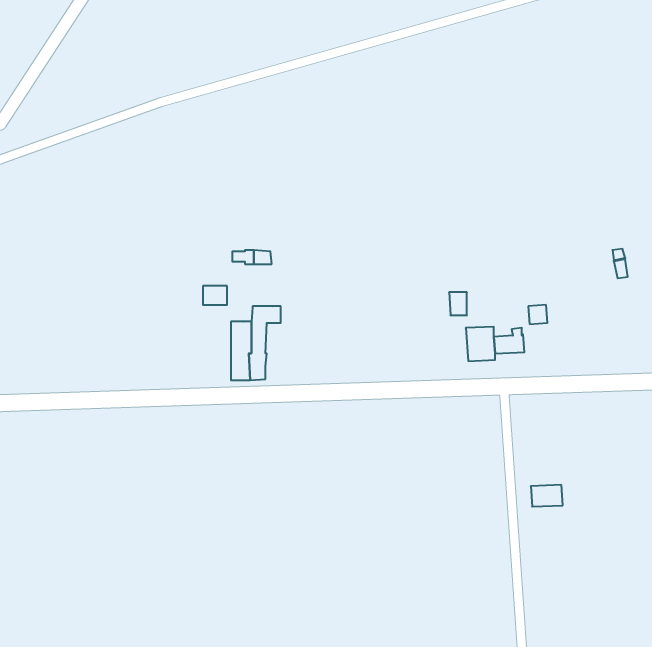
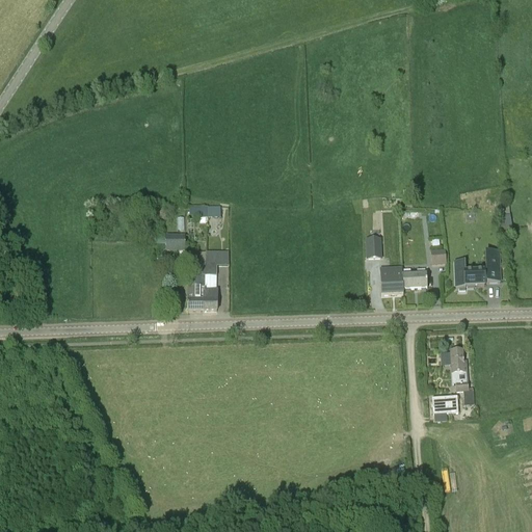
building: none -> [454,248,500,289]
building: none -> [450,348,475,404]

